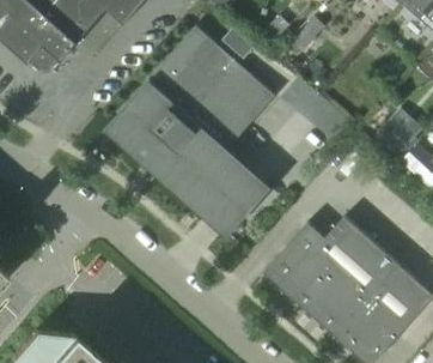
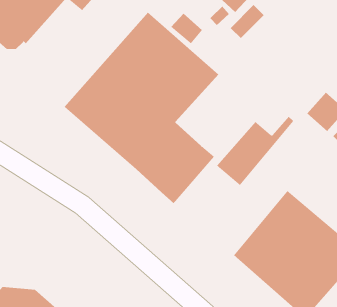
building: [264,217,350,295] -> [216,116,294,186]

